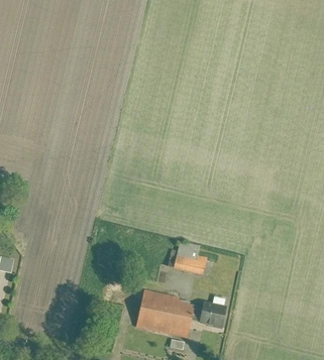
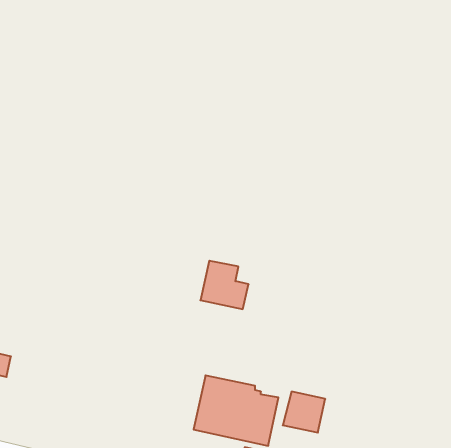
building: [174,241,207,274] -> [200,261,249,309]

